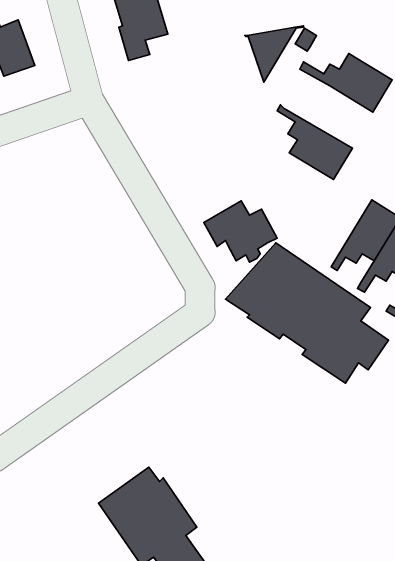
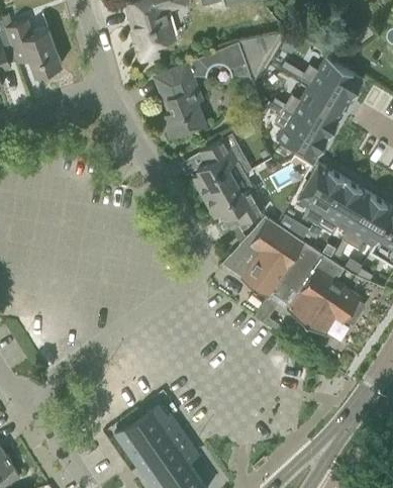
building: none -> [157,42,249,138]
building: none -> [272,84,347,136]
building: none -> [192,139,238,199]
building: none -> [297,164,346,236]

